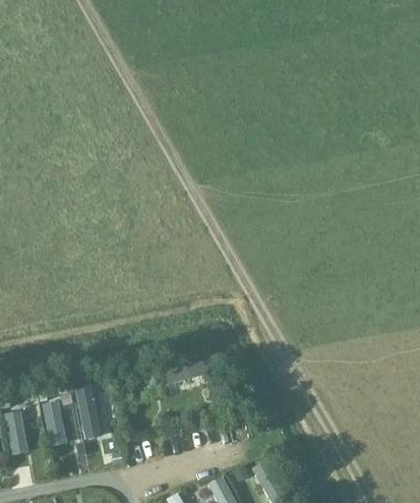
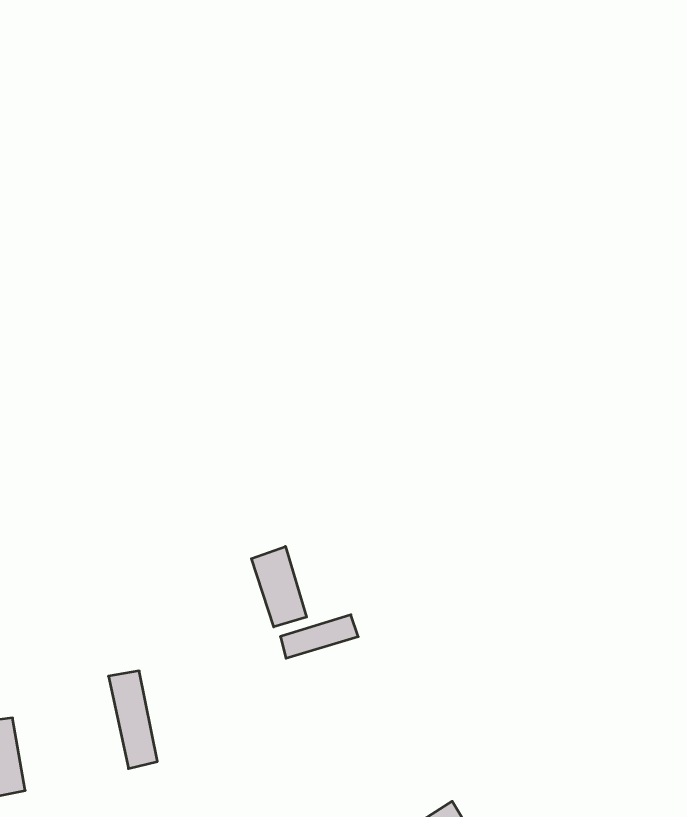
building: none -> [251,546,307,627]
building: [43,402,68,447] -> none

